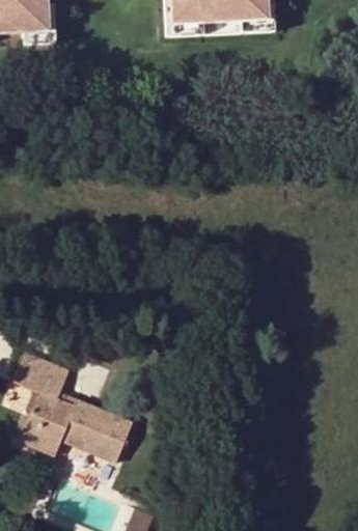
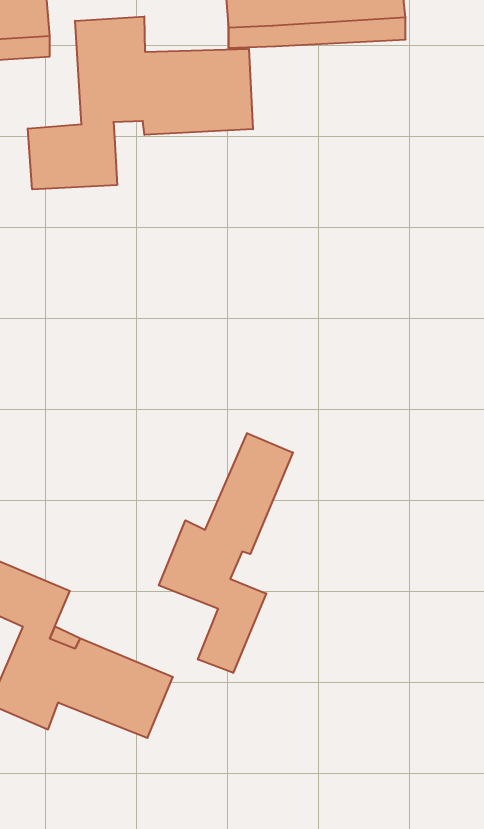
building: none -> [28,16,253,189]
building: none -> [159,433,293,673]

